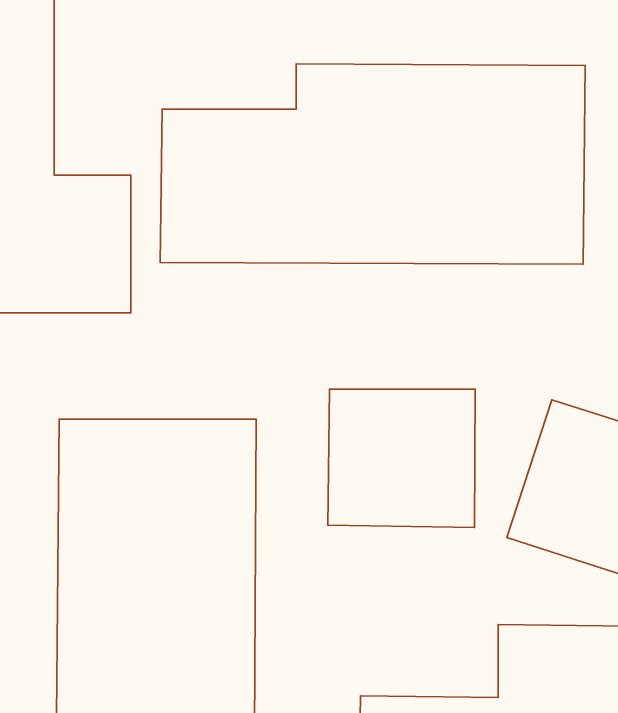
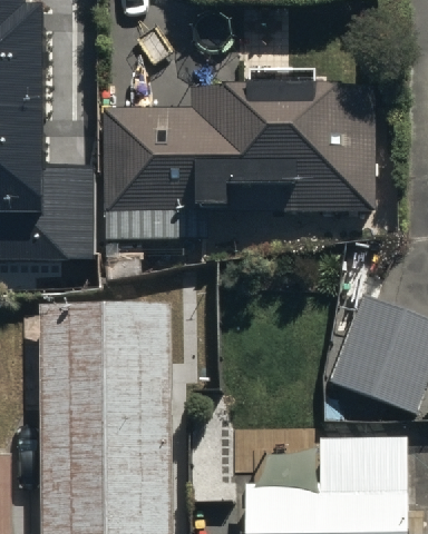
building: [328,389,475,527] -> none

